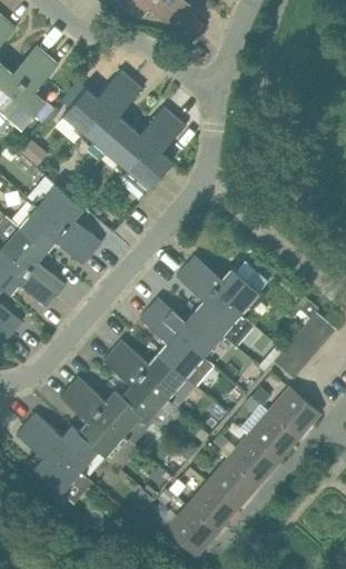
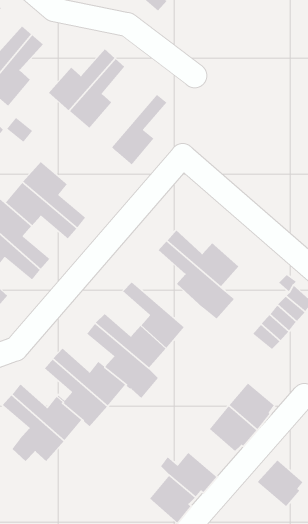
building: [106,107,175,171] -> none
building: [149,298,221,356] -> none
building: [268,389,319,436] -> none
building: [207,460,255,509] -> [257,460,303,507]

